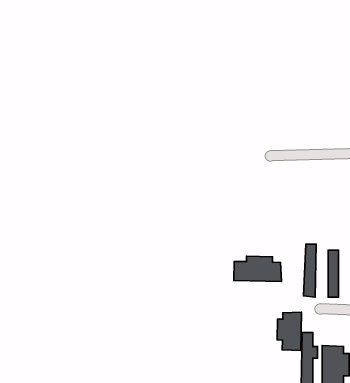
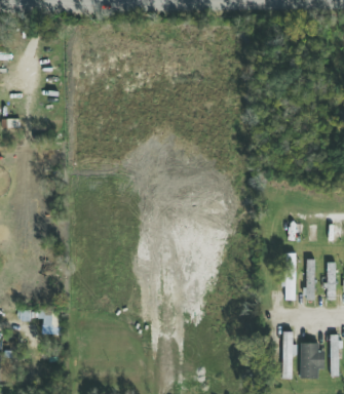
building: [234,256,281,282] -> none
building: [277,312,302,350] -> none

